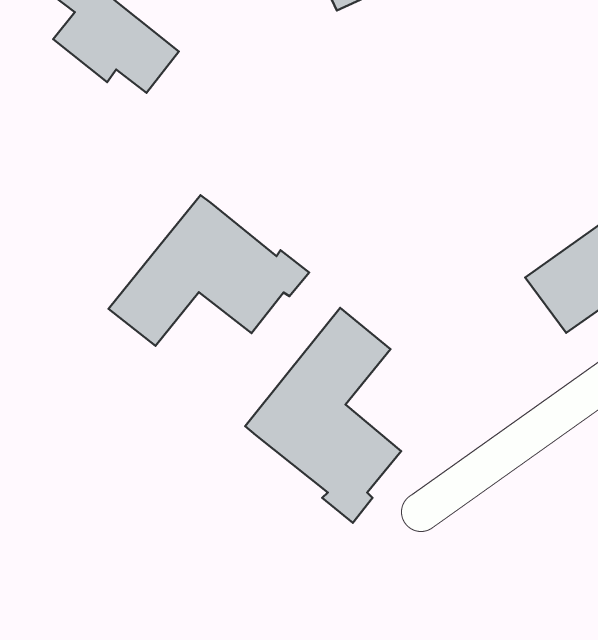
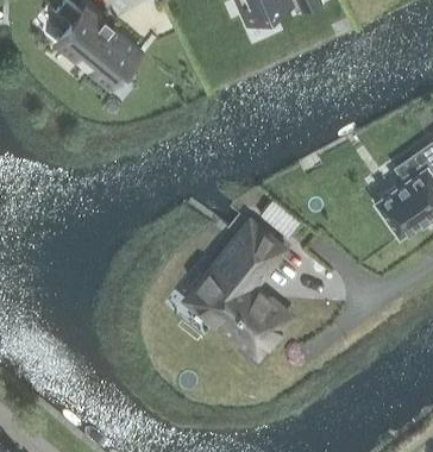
building: [108,195,309,346] -> none

